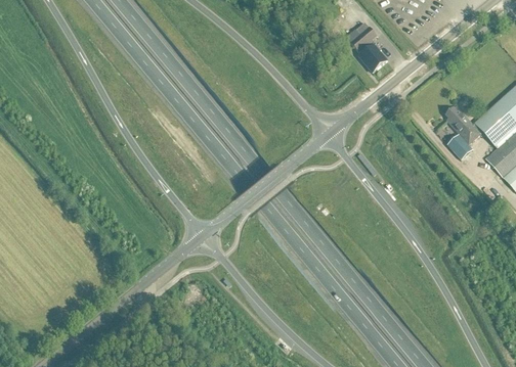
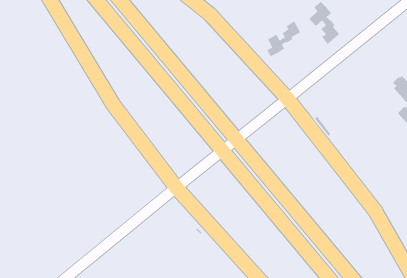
building: none -> [266,20,301,58]

